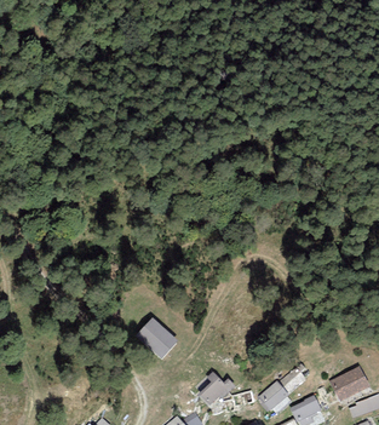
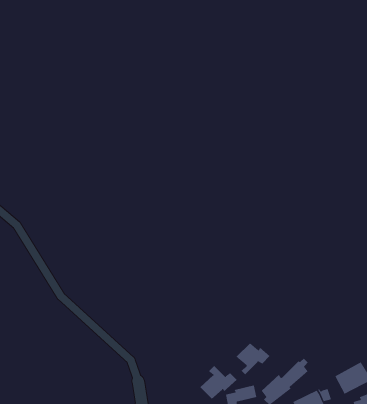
building: [138,318,176,356] -> none
building: none -> [236,342,271,375]

